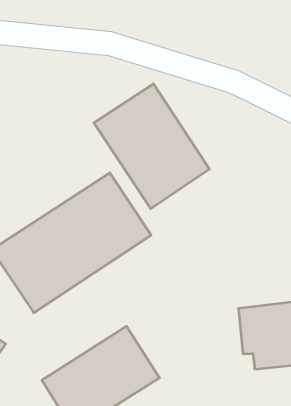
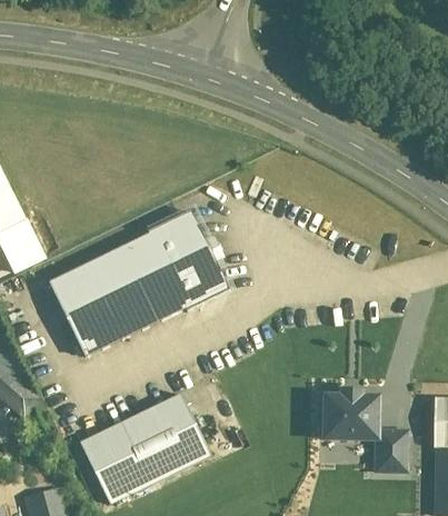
building: [94,84,209,209] -> none

